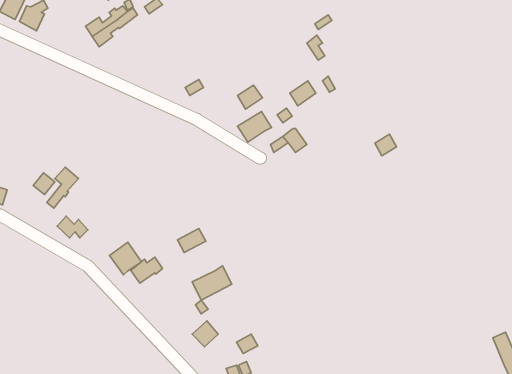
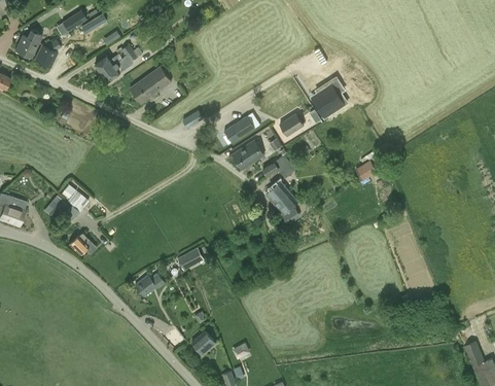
building: none -> [130,66,170,102]
building: none -> [317,84,349,117]
building: none -> [264,180,296,221]
building: [110,242,142,275] -> none
building: [192,266,232,300] -> none

